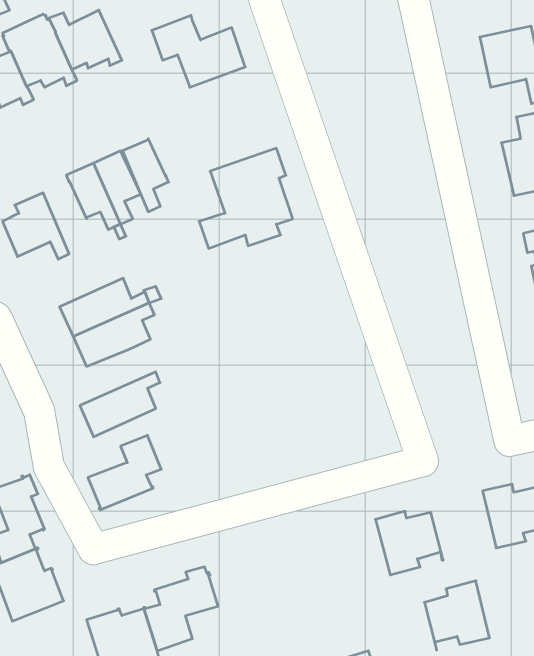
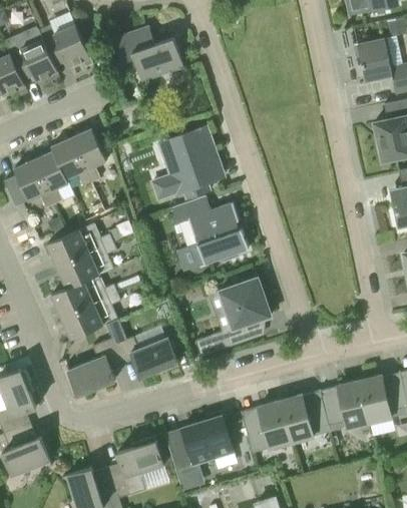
building: [122,139,169,212] -> [34,151,68,205]
building: none -> [170,196,248,267]
building: none -> [51,276,117,318]
building: none -> [194,279,271,358]
building: none -> [111,335,178,377]
building: none -> [242,402,291,449]
building: none -> [166,411,234,478]
building: [424,581,490,650] -> [321,381,369,432]

